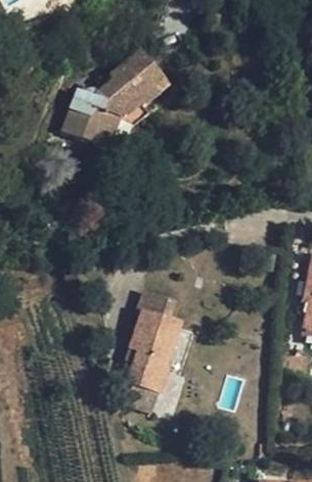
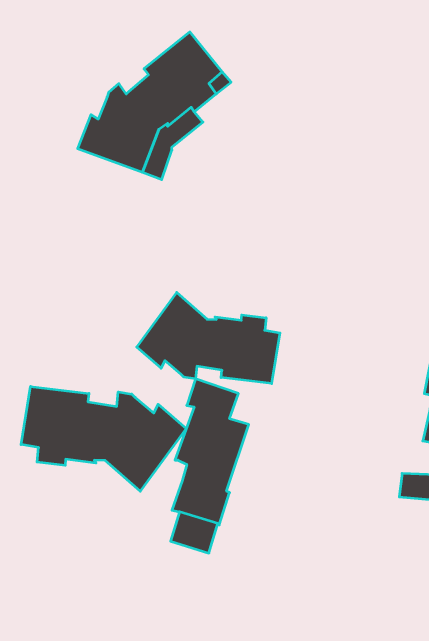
building: none -> [137,292,280,384]
building: none -> [21,386,186,491]

